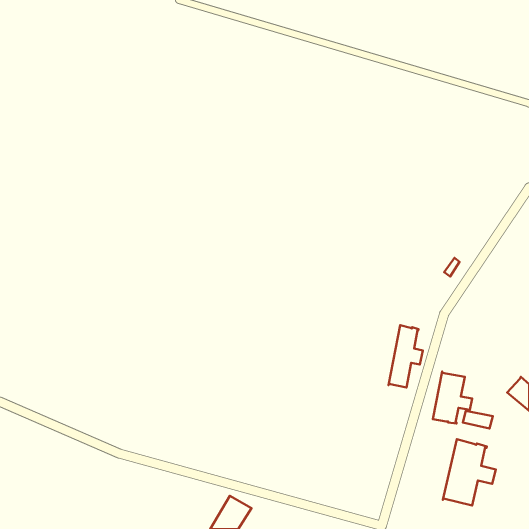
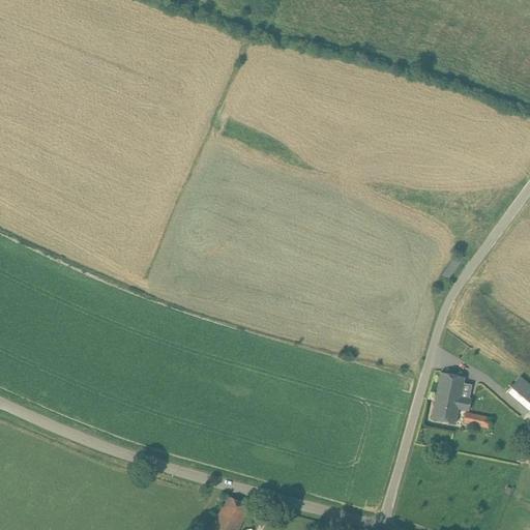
building: [388,325,423,388] -> none
building: [443,439,496,506] -> none

